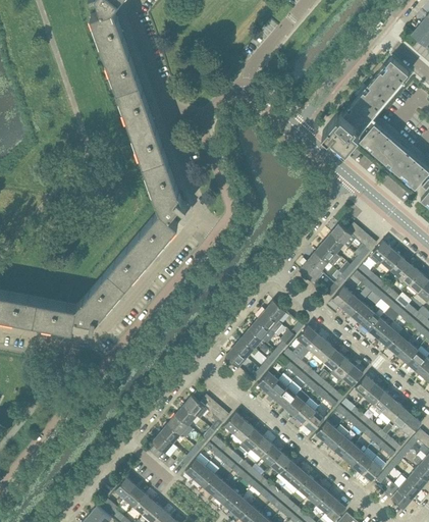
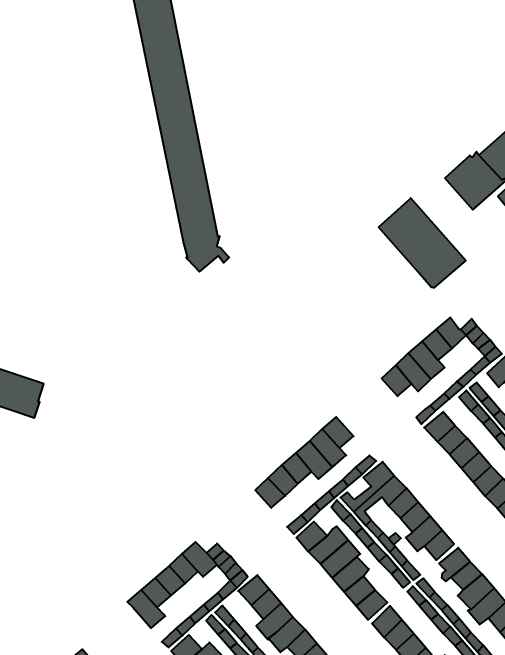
building: none -> [379,198,466,288]
building: [74,210,178,327] -> none

